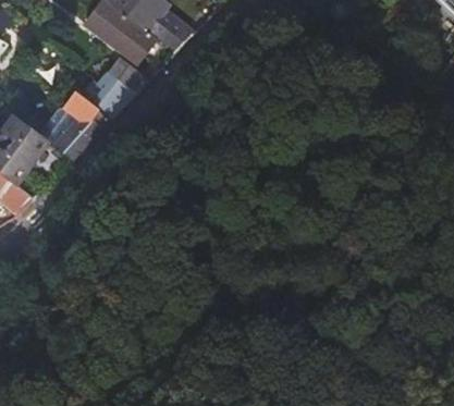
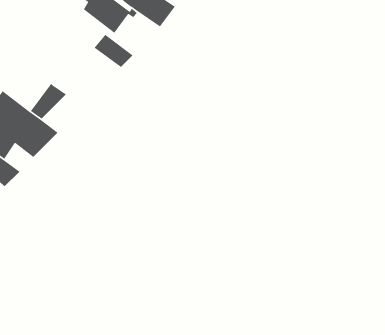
building: [83,66,135,114] -> none
building: [53,96,107,157] -> none

